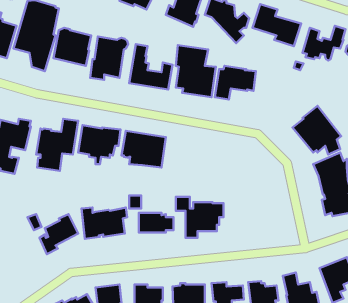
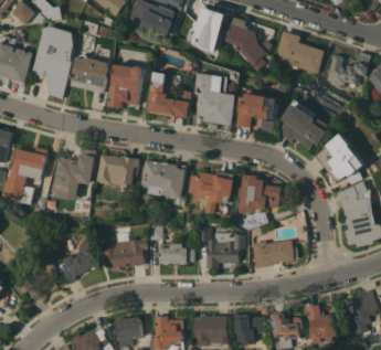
building: none -> [278,104,329,149]
building: none -> [188,172,234,214]
building: none -> [237,174,281,213]
building: none -> [251,241,294,268]

